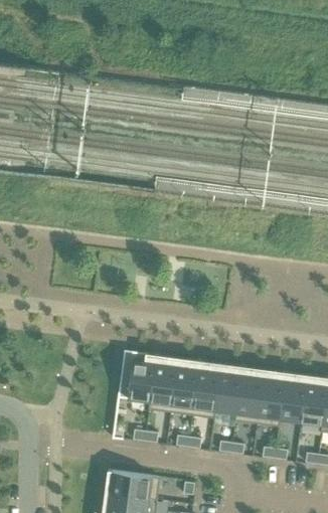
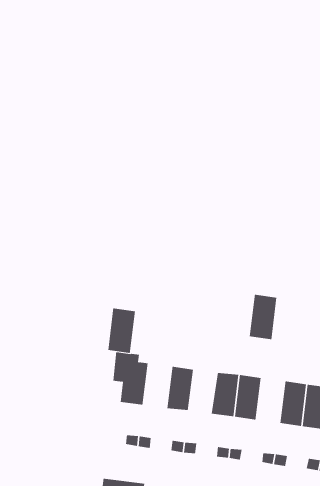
building: [150,362,177,405] -> [107,308,136,353]
building: [193,368,220,410] -> none
building: [258,376,285,419] -> [249,294,277,340]

